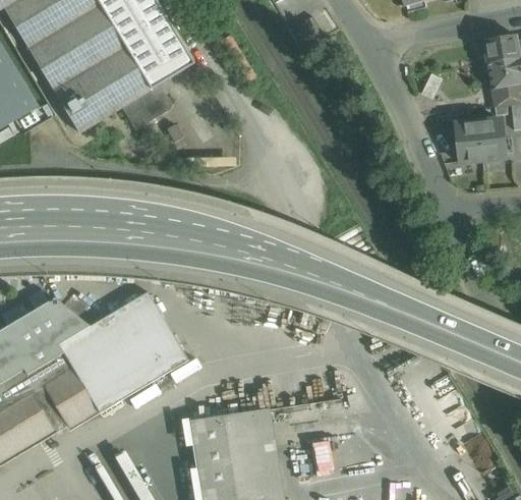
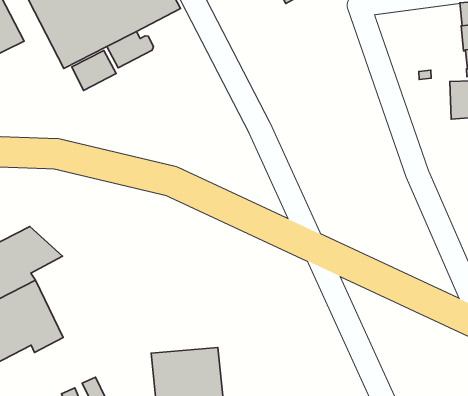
building: none -> [72,50,116,90]
building: [456,121,482,162] -> none
building: [60,293,188,412] -> none

